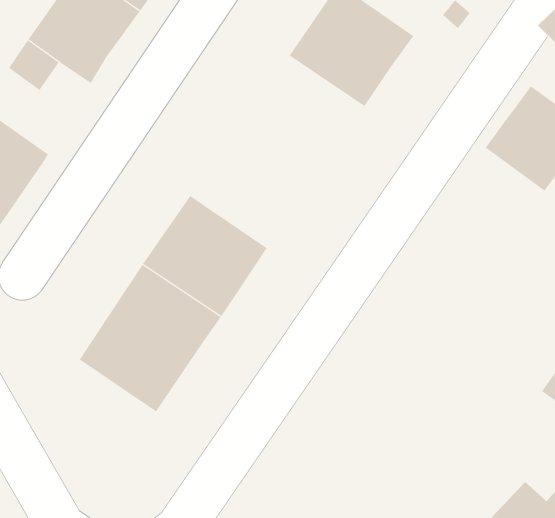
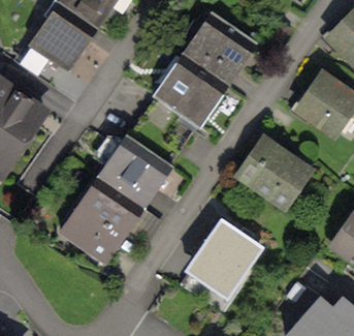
building: none -> [154,53,227,125]
building: none -> [239,136,309,205]
building: none -> [186,217,262,296]

